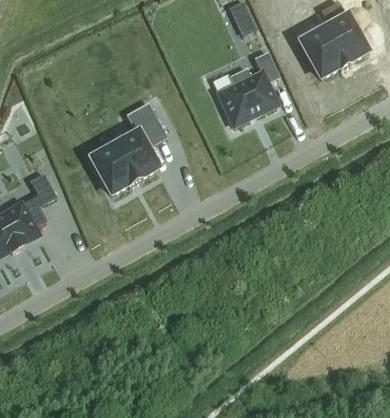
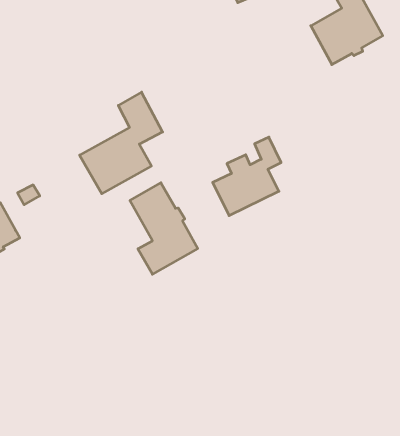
building: [218,56,280,127] -> [213,137,281,216]
building: none -> [130,183,198,274]

